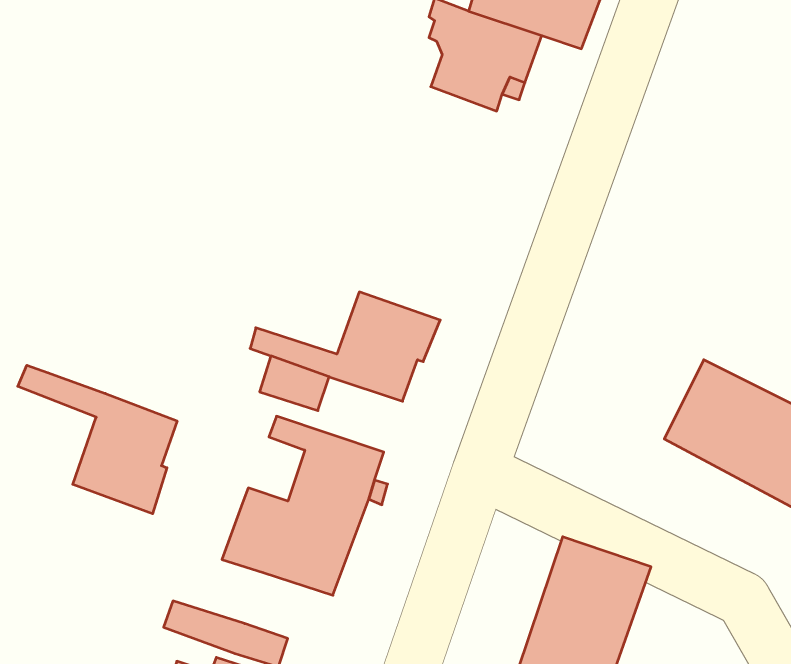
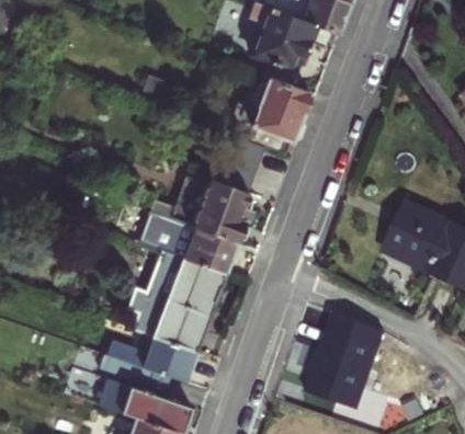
building: none -> [248,67,314,148]
building: [18,365,177,514] -> none
building: none -> [148,220,236,264]
building: none -> [144,334,195,378]

